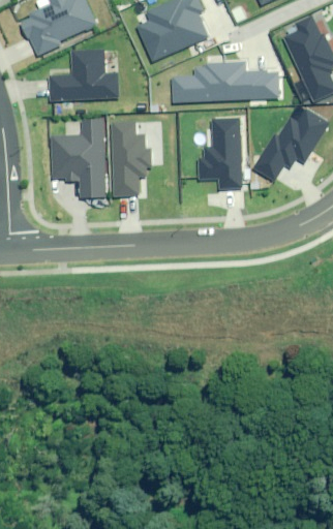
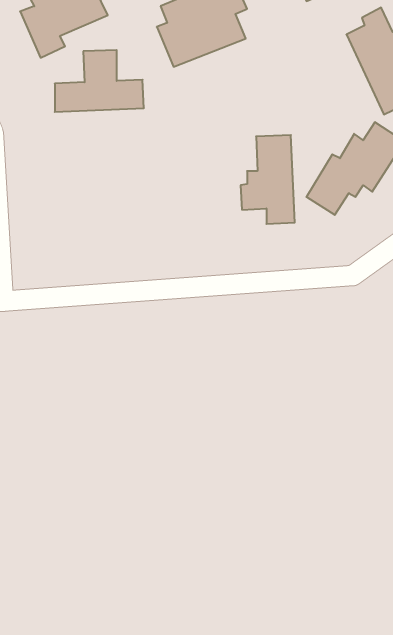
building: [173,61,279,101] -> none
building: [52,116,107,197] -> none
building: [113,122,152,193] -> none

